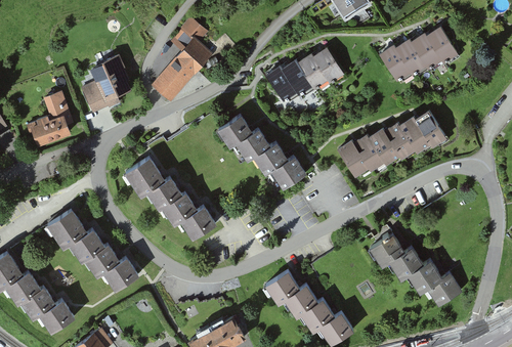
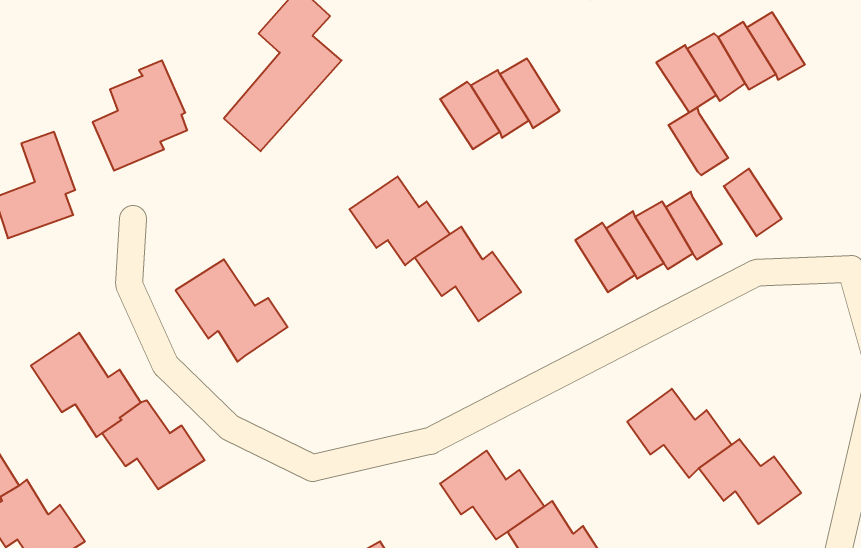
building: [313,50,343,86] -> none
building: [399,120,431,156] -> [668,108,728,175]
building: [162,196,217,244] -> none

